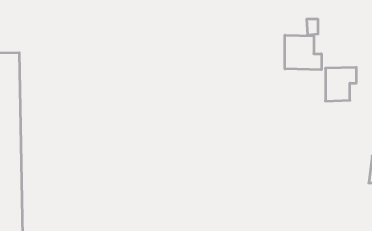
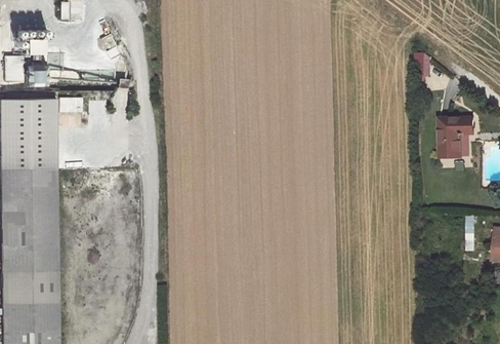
building: [285,35,321,70] -> none

